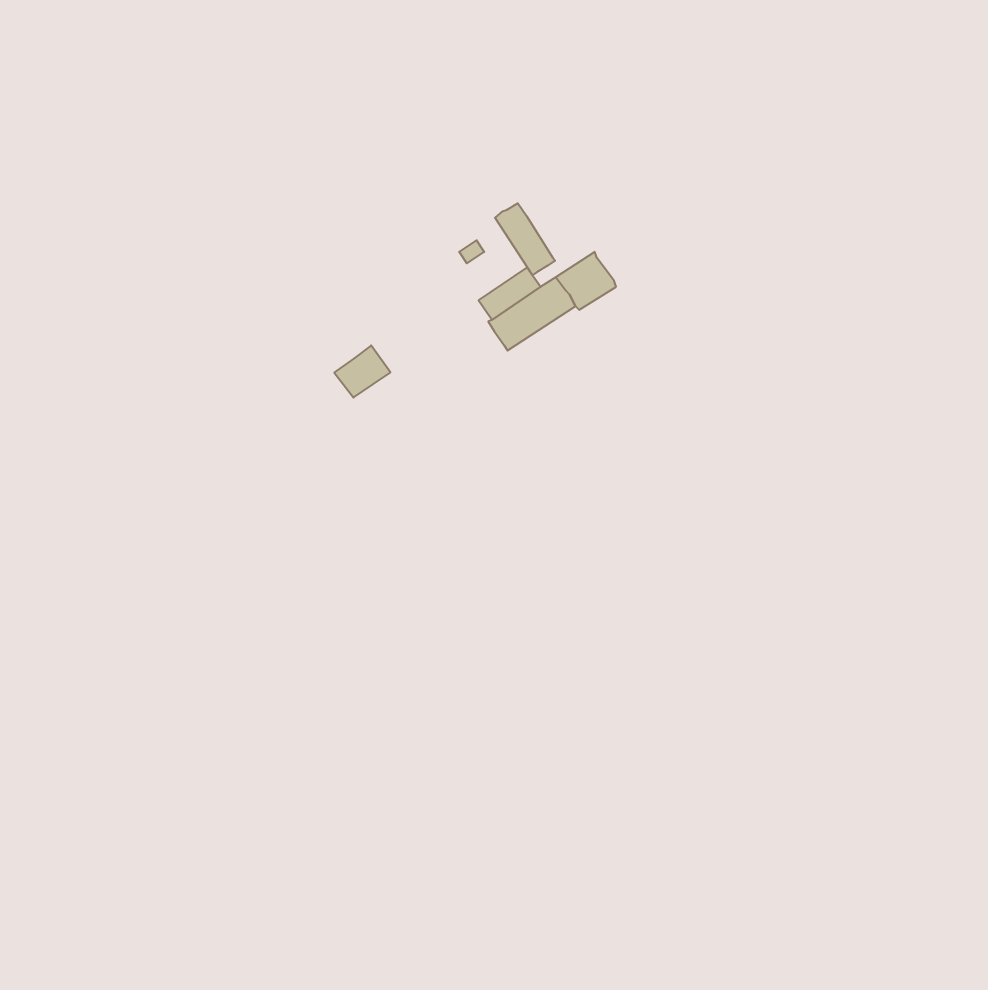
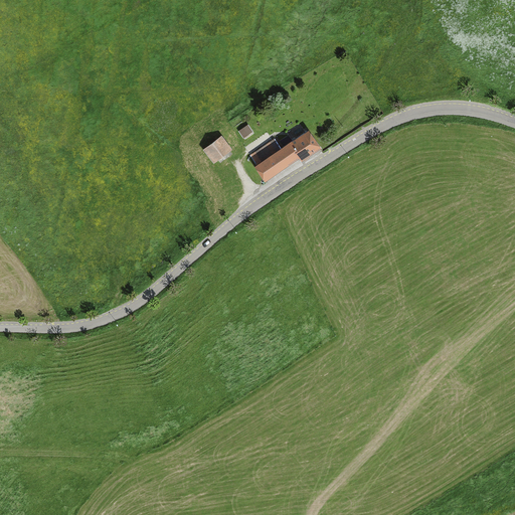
building: [495,203,555,275] -> none
building: [334,345,390,398] -> [202,136,231,163]

